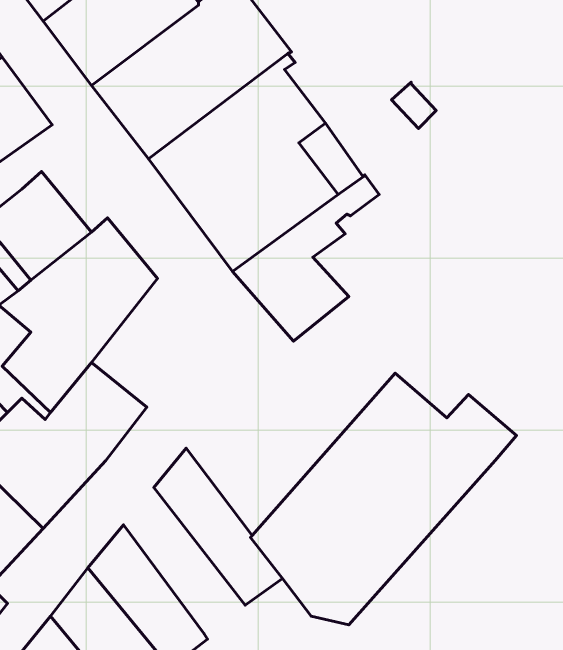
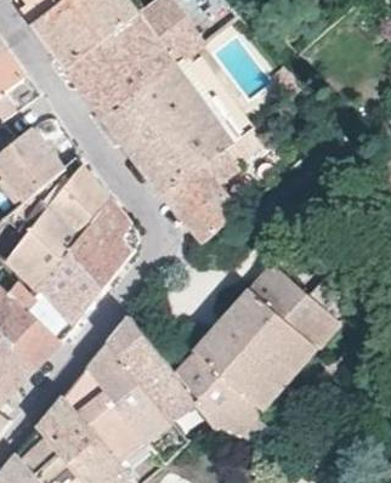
building: none -> [64,200,134,288]
building: none -> [86,342,169,442]

